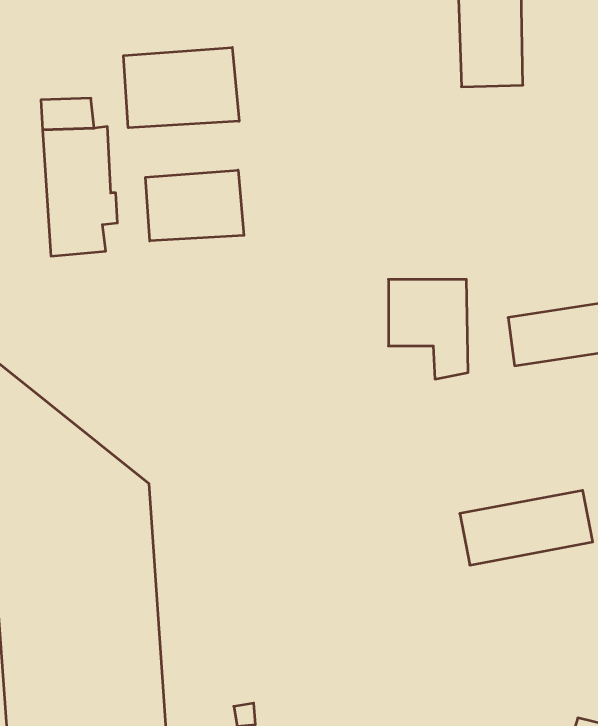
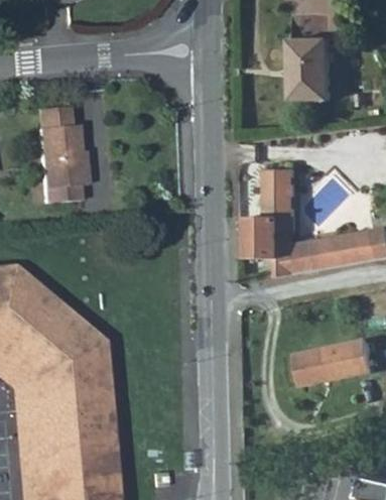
building: [124,47,239,128] -> none
building: [146,170,244,241] -> none
building: none -> [263,166,294,216]

